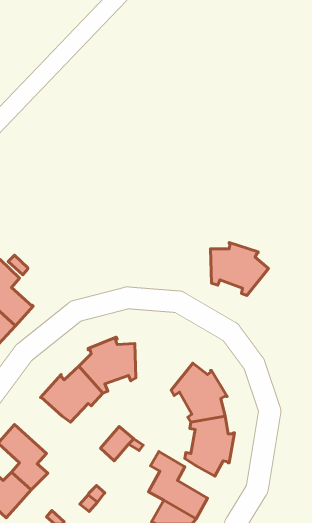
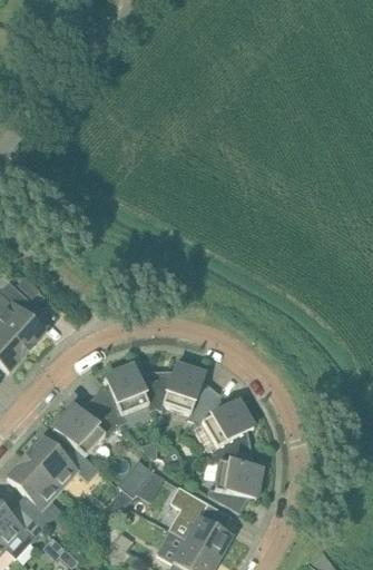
building: [210,243,269,295] -> [154,362,216,419]
building: none -> [24,435,98,487]

